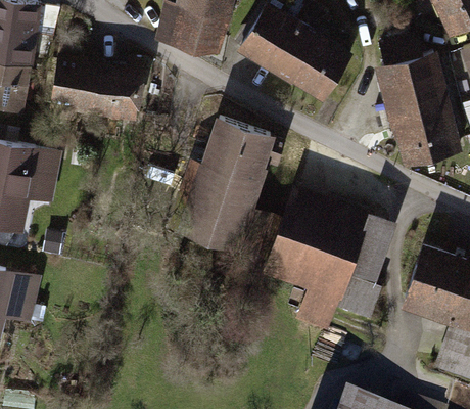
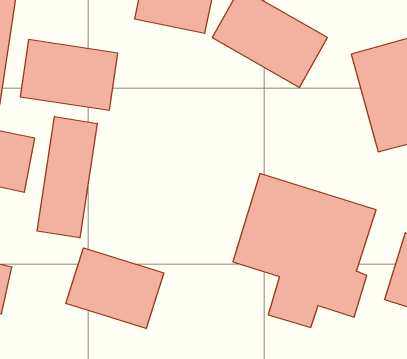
building: [167,117,275,259] -> none
building: none -> [37,116,97,238]
building: none -> [66,248,164,329]

